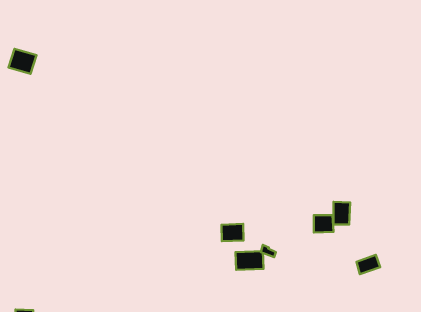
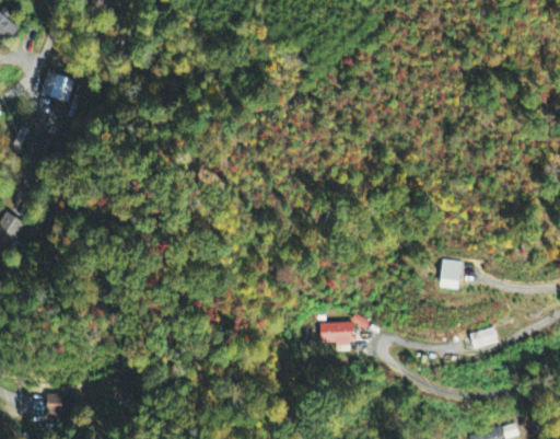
building: [314,215,334,233] -> none
building: [221,224,244,241] -> none

